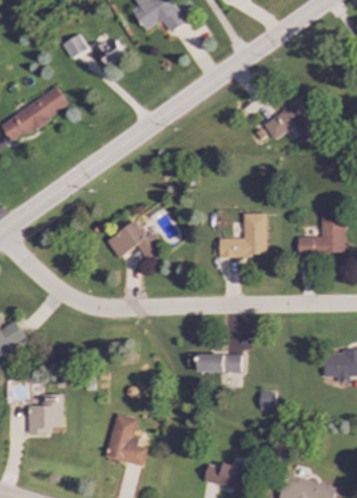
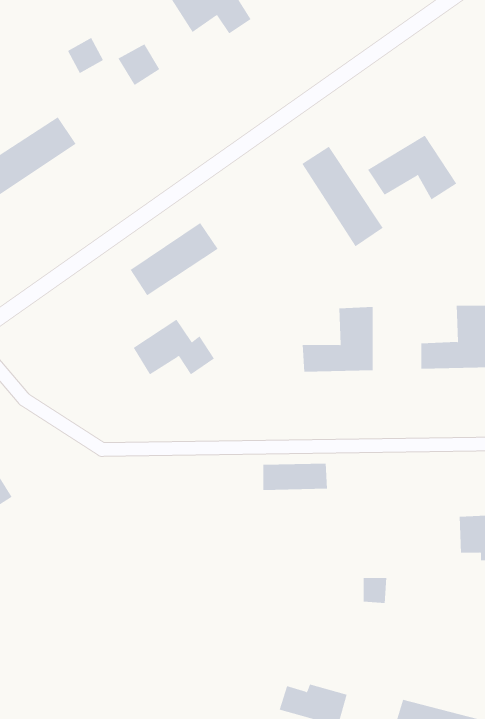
building: none -> [301,146,384,247]
building: none -> [130,222,219,296]
building: [198,355,241,373] -> [262,463,328,490]
building: [27,395,64,434] -> none
building: [106,414,147,466] -> none

